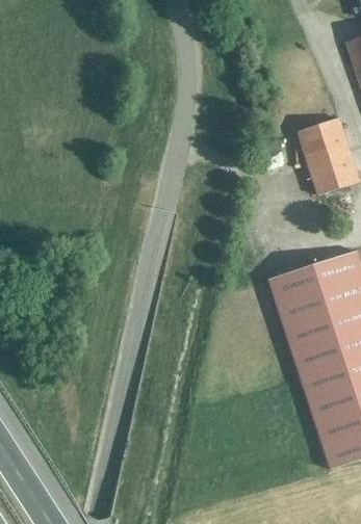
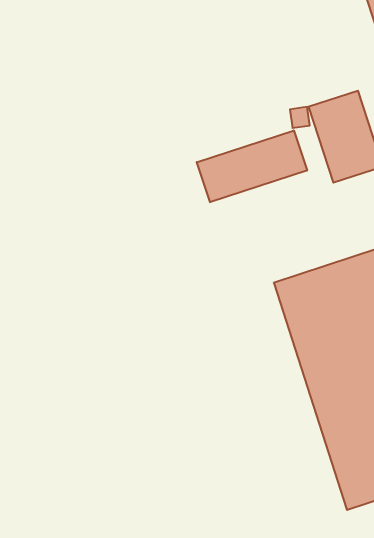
building: none -> [197,130,307,202]

